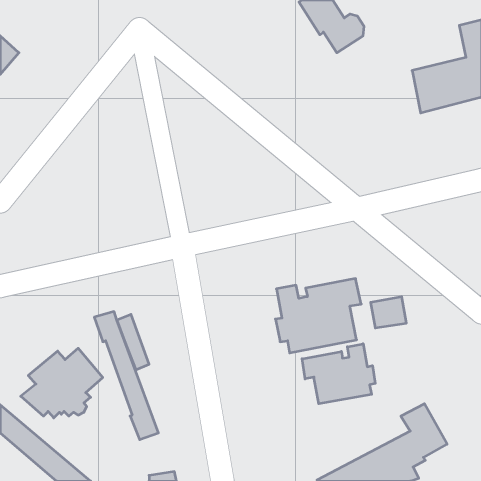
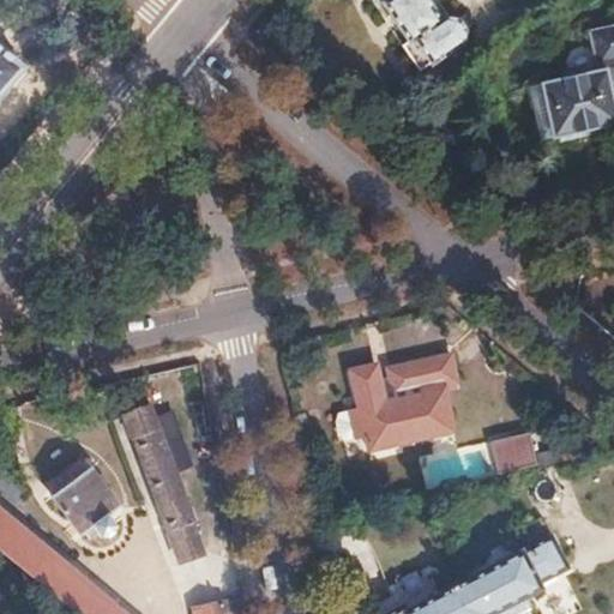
building: [371,297,406,328] -> [490,435,536,475]
building: [302,344,375,404] -> none

